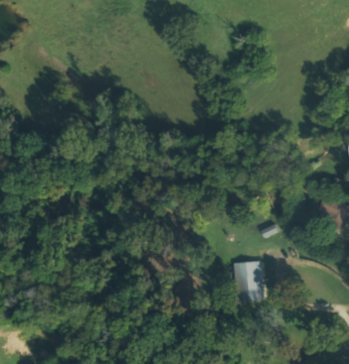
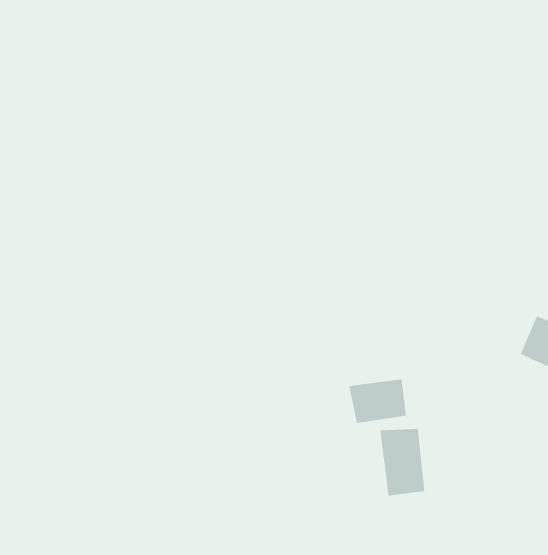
building: none -> [349,379,406,424]

